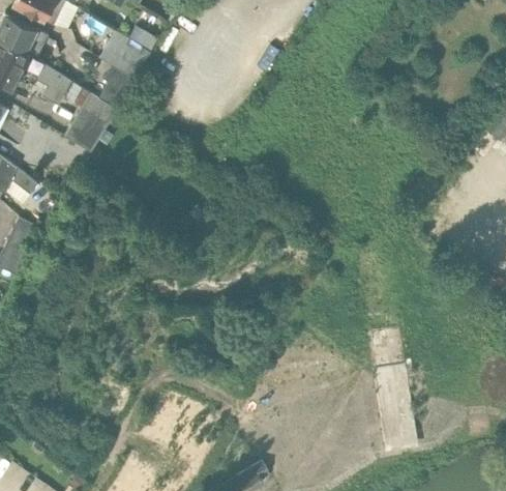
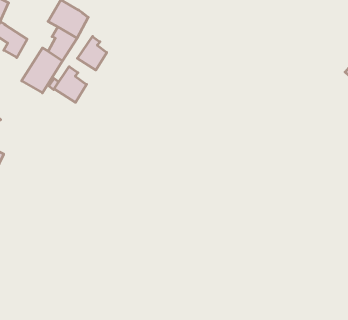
building: none -> [77,36,107,70]
building: none -> [54,67,87,102]

